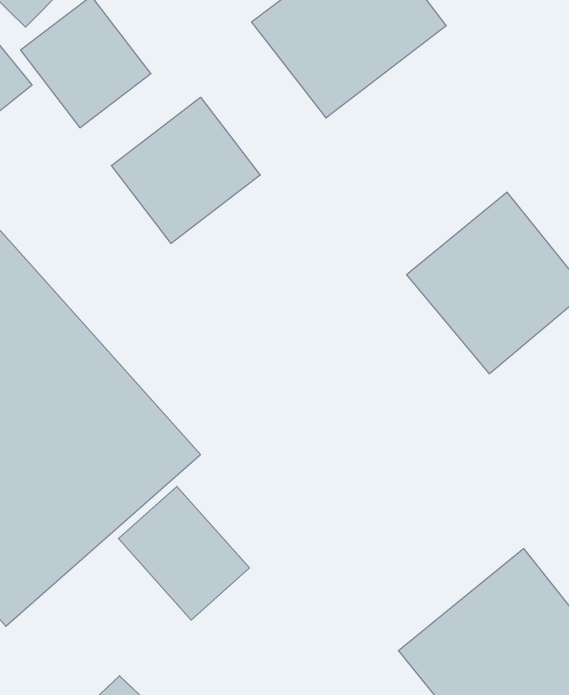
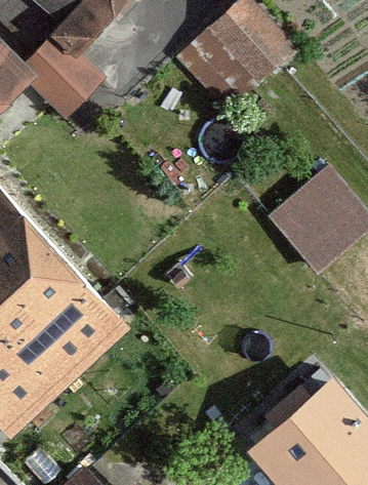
building: [111,97,260,243] -> none
building: [118,486,249,620] -> none

